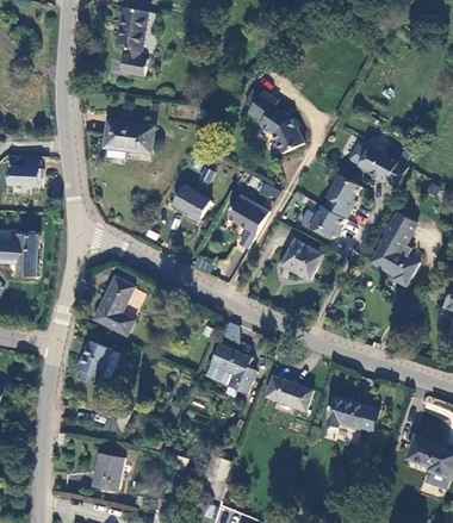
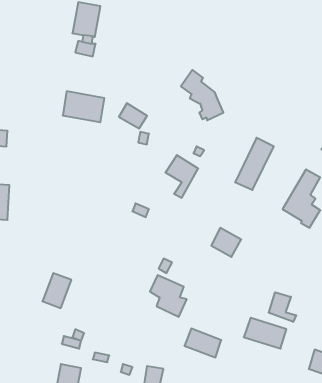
building: [360,144,410,187] -> none
building: [178,186,212,217] -> [119,103,147,128]
building: [287,239,324,275] -> [211,228,241,257]
building: [95,279,135,335] -> none
building: none -> [269,292,296,322]
building: [266,375,311,411] -> [184,328,221,357]

